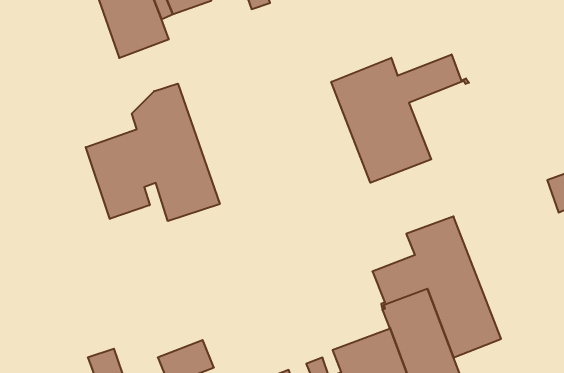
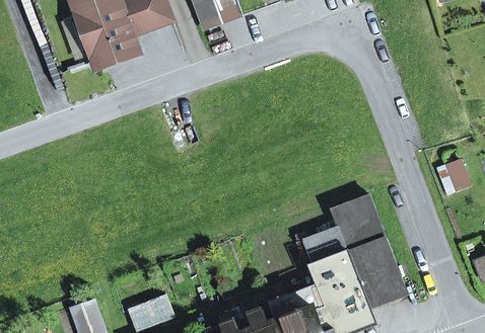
building: [331,54,469,183] -> none
building: [86,84,220,221] -> none

